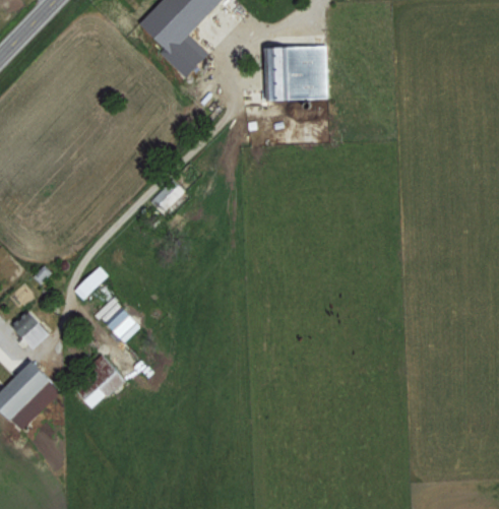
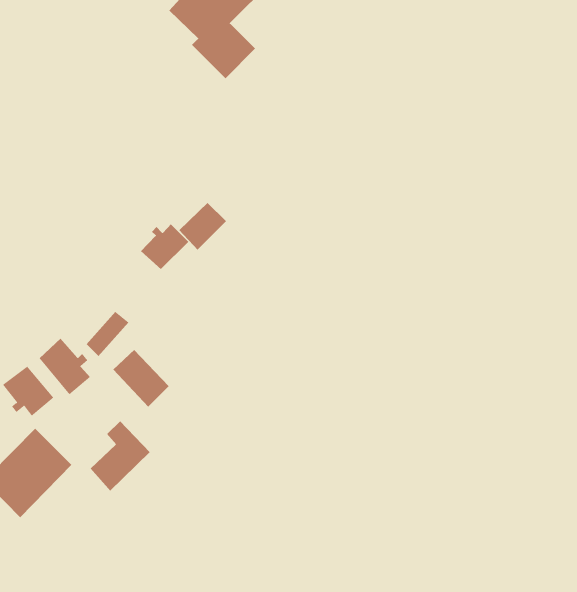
building: [262,46,329,101] -> none
building: none -> [140,223,189,270]
building: none -> [39,338,91,395]

